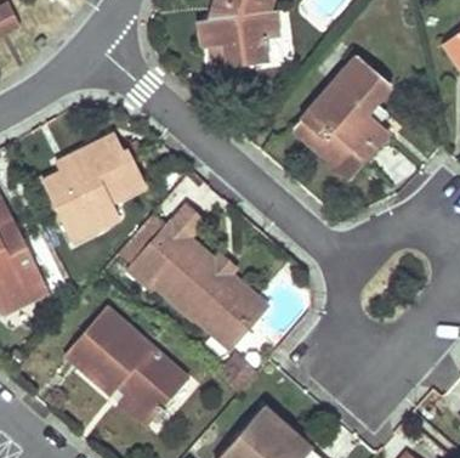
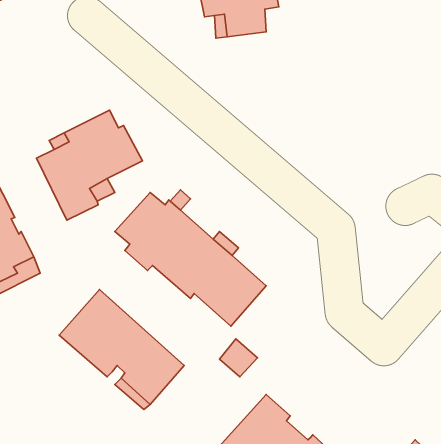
building: [294,57,390,175] -> none

